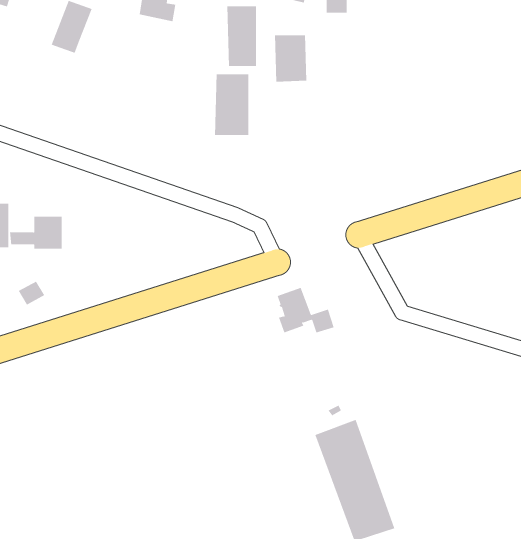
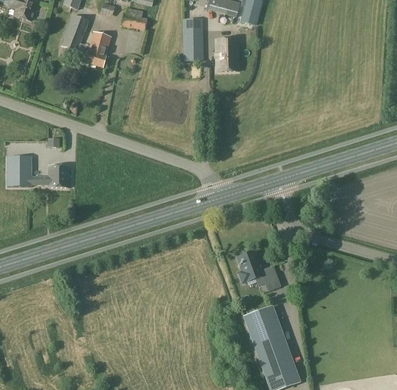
building: none -> [78,31,110,66]
building: [214,74,249,136] -> none
building: [277,287,334,333] -> [237,250,277,282]

